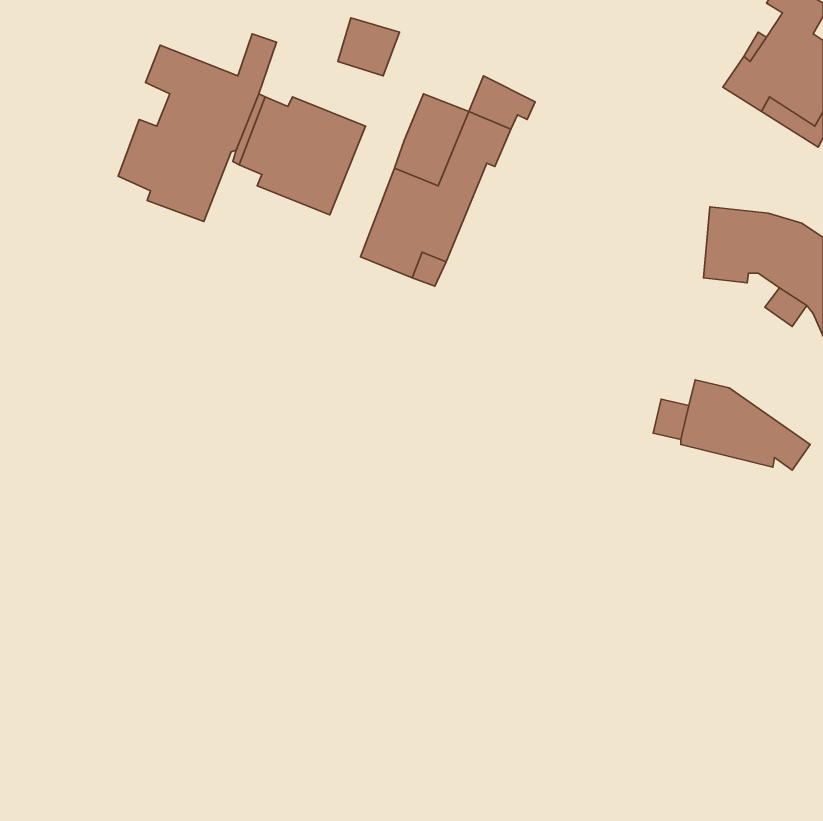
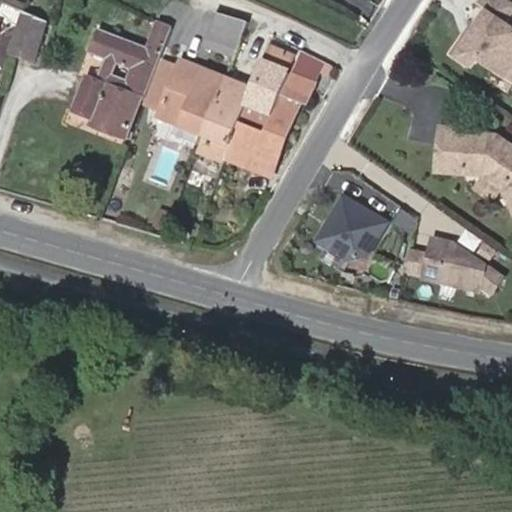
building: none -> [11,12,47,60]
building: none -> [197,78,250,161]
building: none -> [314,193,386,257]

